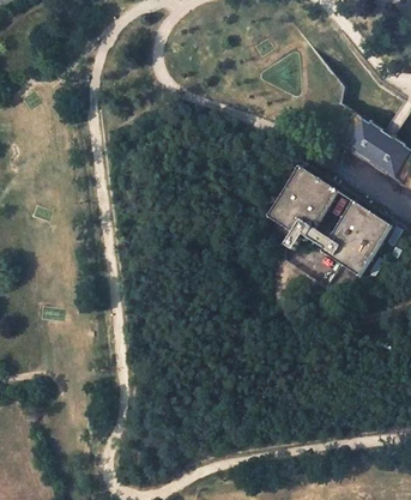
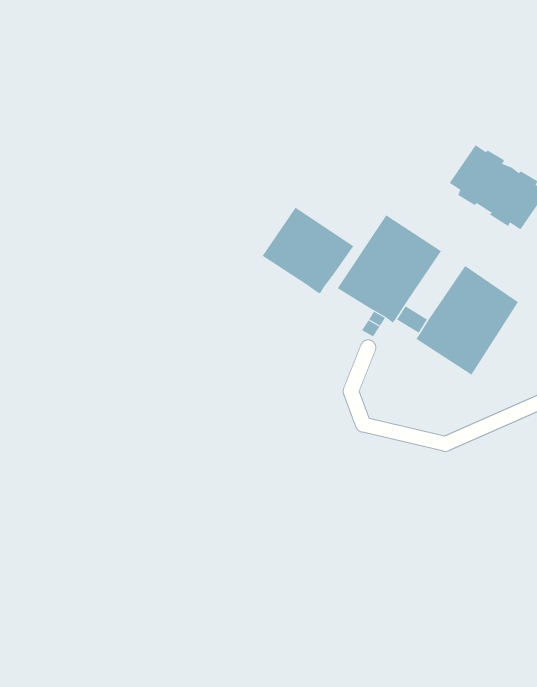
building: none -> [262,207,354,294]

